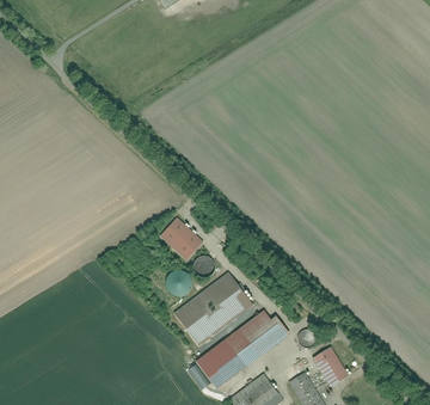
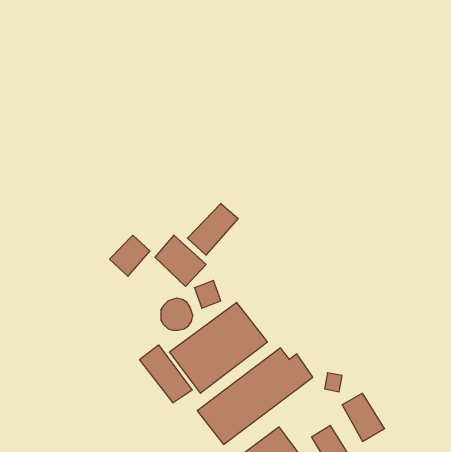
building: none -> [187,203,238,255]
building: none -> [110,235,150,276]
building: none -> [140,345,192,403]

